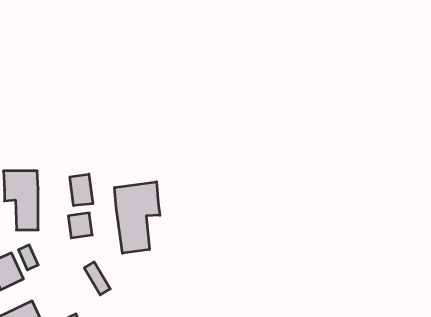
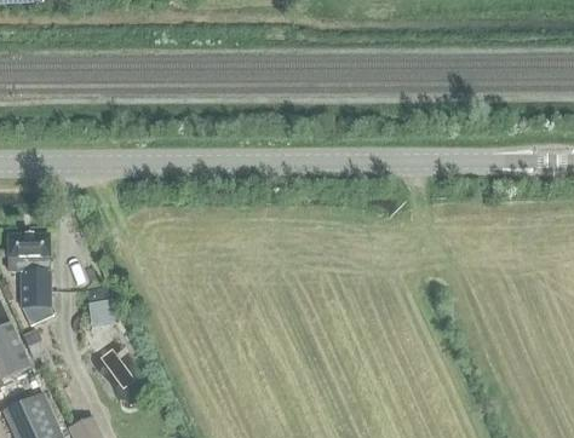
building: [70,174,93,206] -> none
building: [115,182,160,253] -> none

